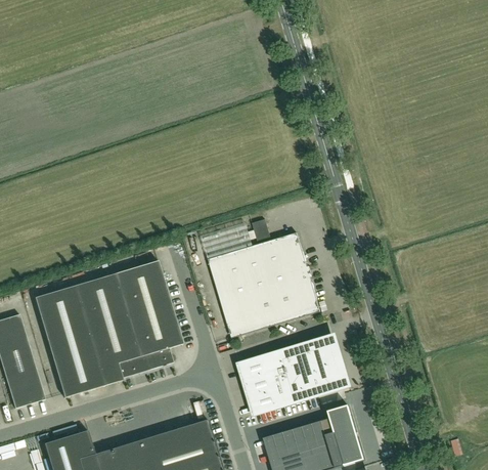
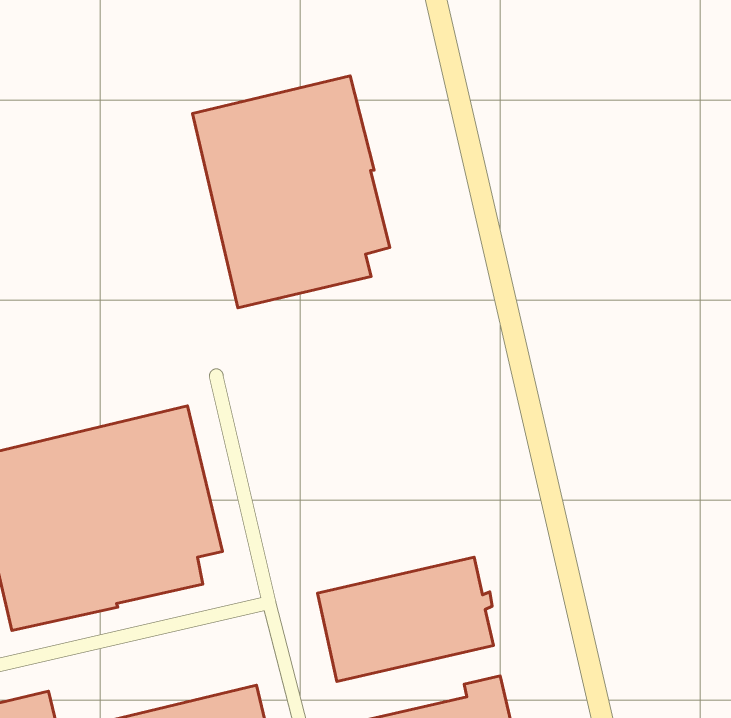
building: none -> [192,76,390,308]
building: [208,218,319,338] -> none

